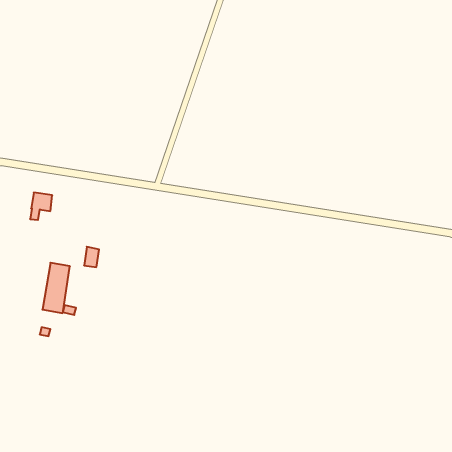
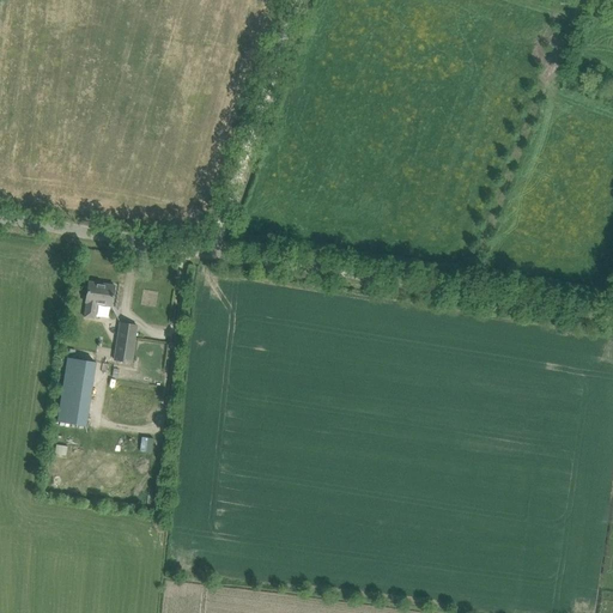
building: [30,193,52,220] -> [84,281,114,318]

